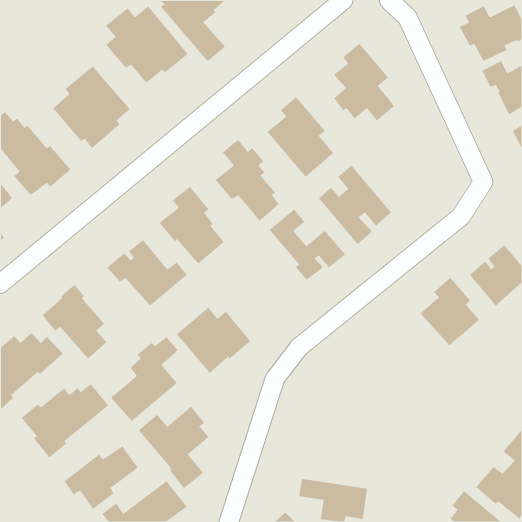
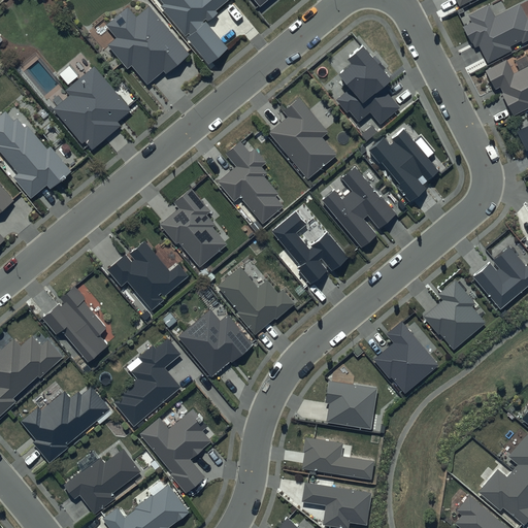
building: none -> [368,128,440,202]
building: none -> [218,267,296,335]
building: none -> [375,321,439,394]
building: none -> [325,381,377,429]
building: none -> [302,437,374,478]

